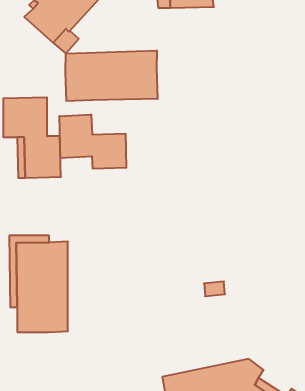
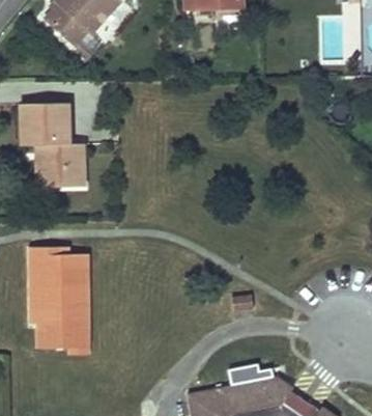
building: [66,50,158,101] -> none
building: [59,114,126,169] -> none

